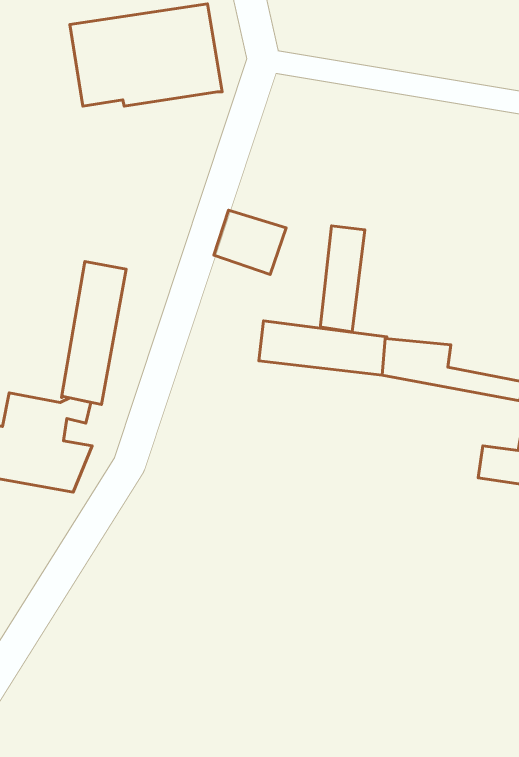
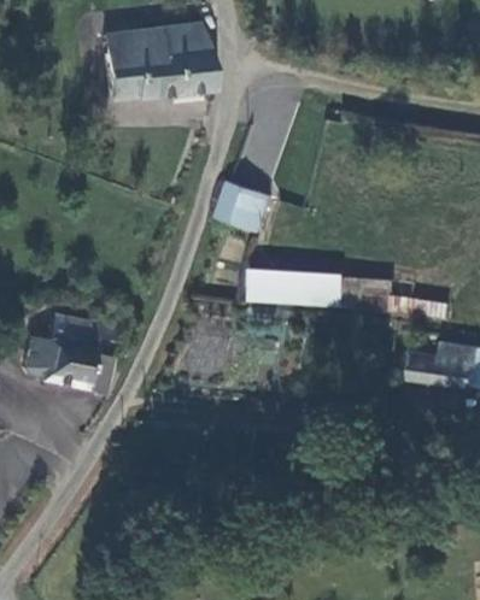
building: [320,226,365,332] -> none
building: [61,262,126,404] -> none

